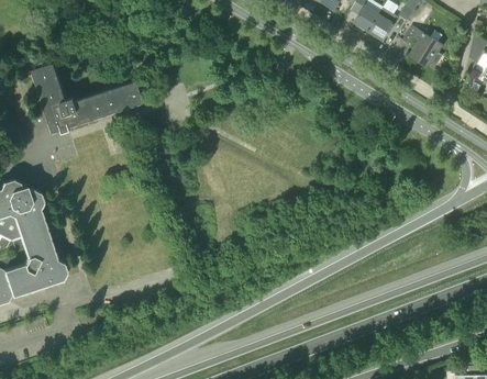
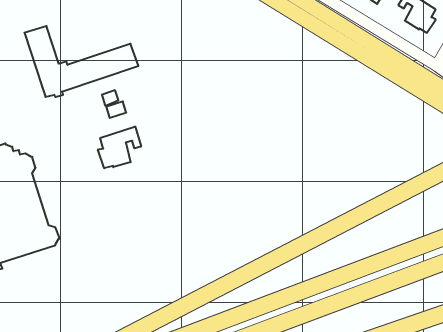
building: none -> [98,126,141,168]

